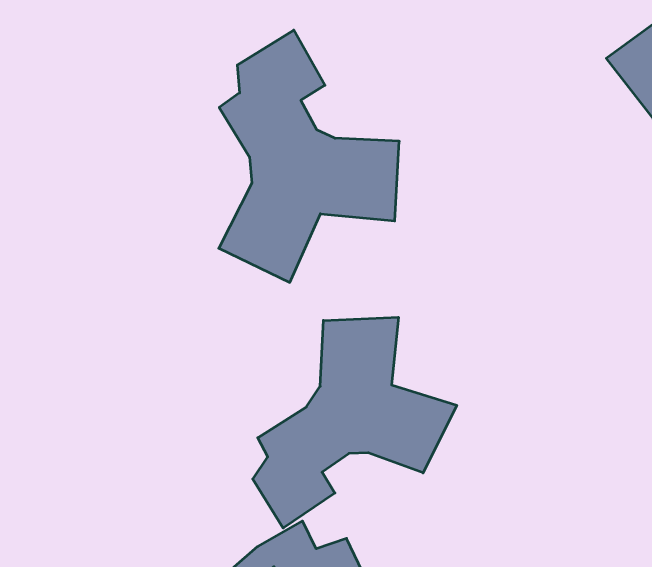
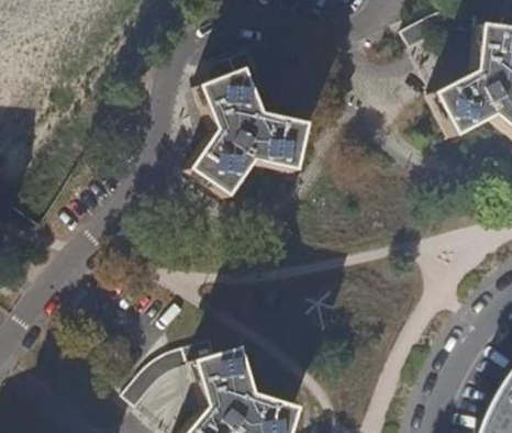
building: [253,317,457,528] -> none

